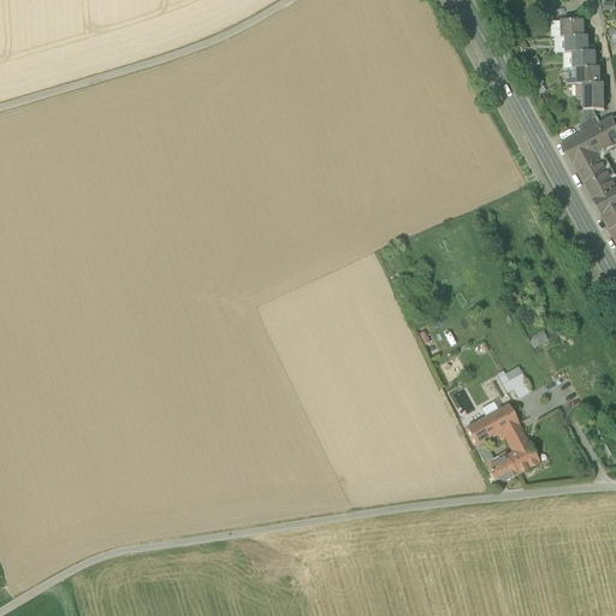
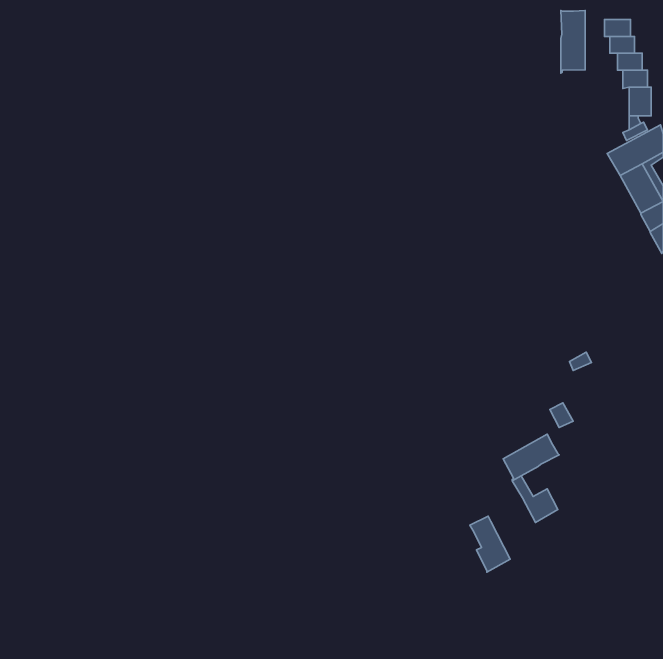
building: none -> [561,11,585,73]
building: [500,421,538,473] -> [470,516,510,572]

